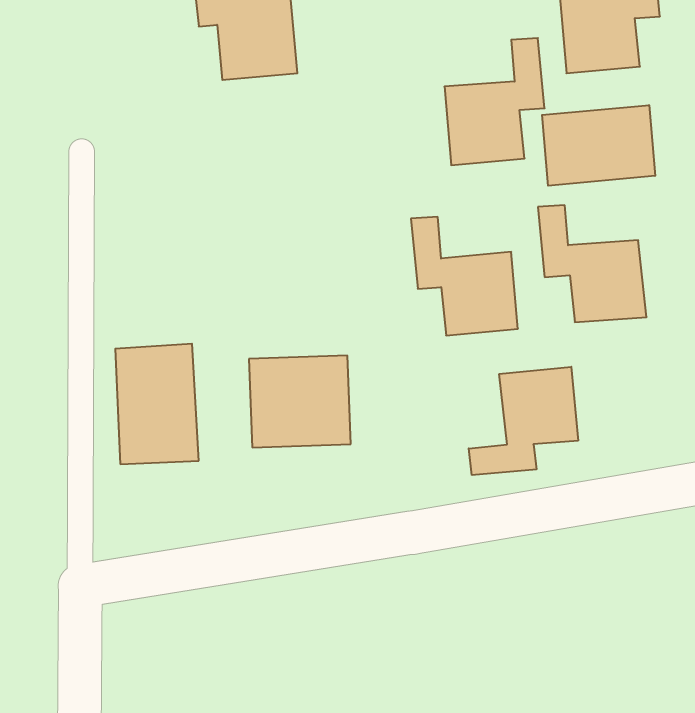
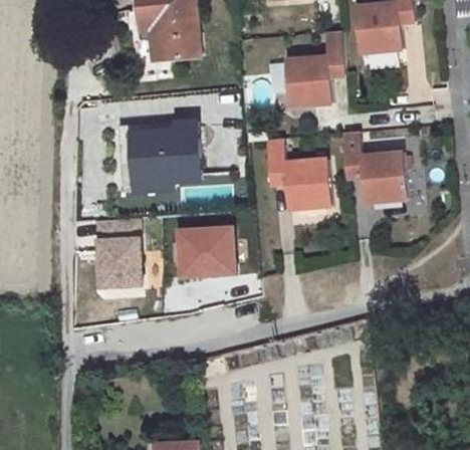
building: [542,105,655,186] -> none
building: none -> [133,119,200,189]
building: [469,367,578,475] -> none

